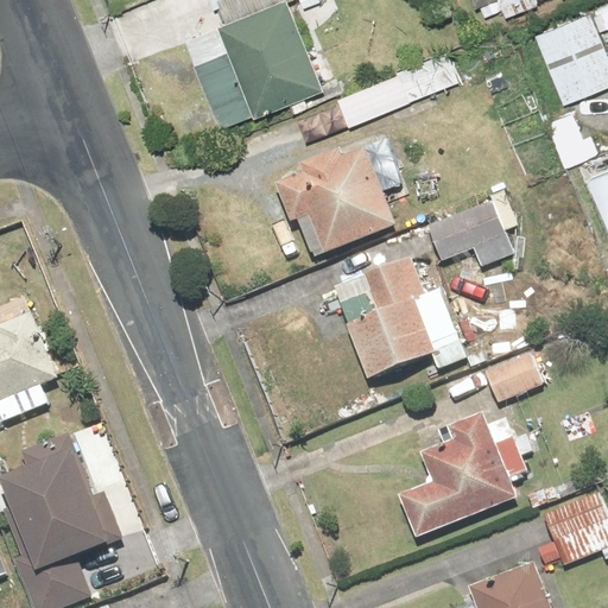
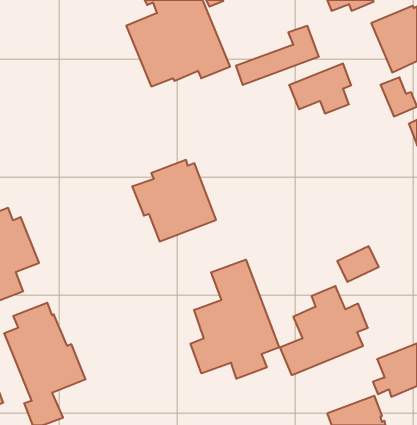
building: [272,142,392,259] -> [132,160,216,241]
building: [425,196,514,267] -> [289,63,351,113]
building: [331,258,466,380] -> none
building: none -> [190,260,279,379]

